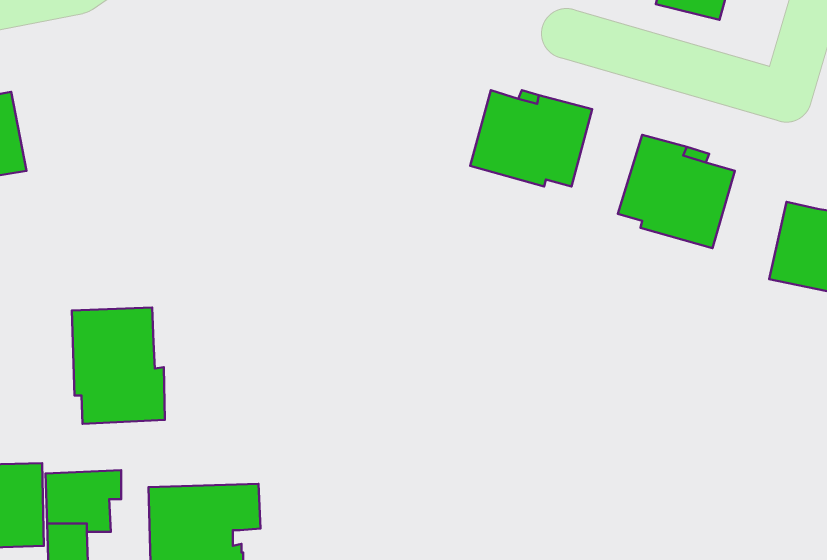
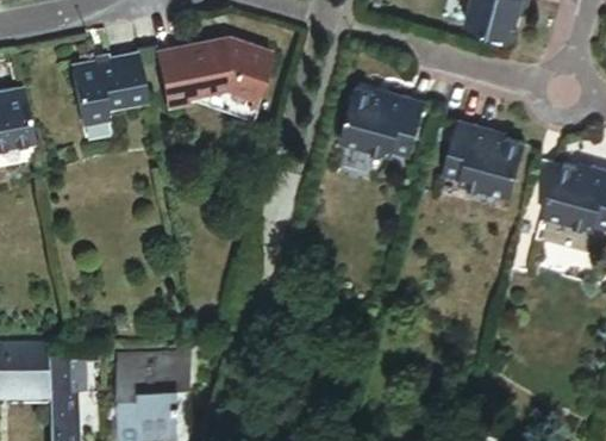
building: none -> [155,39,270,107]
building: none -> [68,55,145,125]
building: [72,308,165,424] -> none

